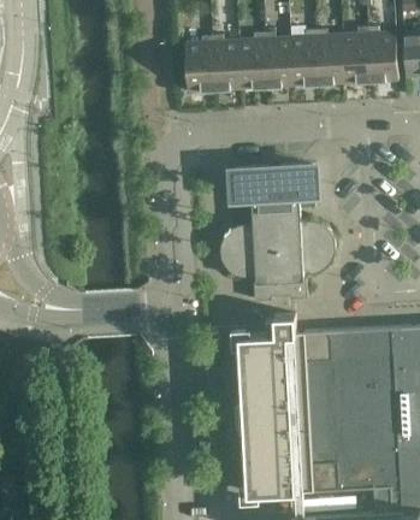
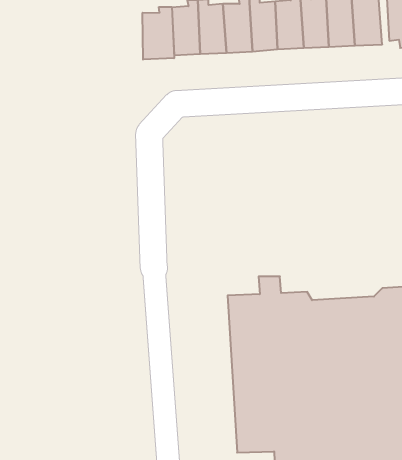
building: none -> [143,7,174,60]
building: [219,164,333,299] -> none

